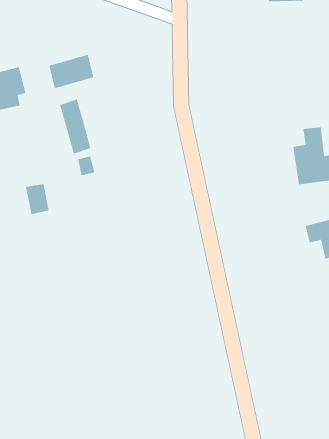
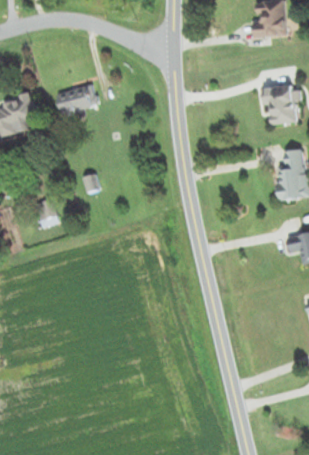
building: none -> [263,83,298,124]
building: [60,98,91,155] -> none

